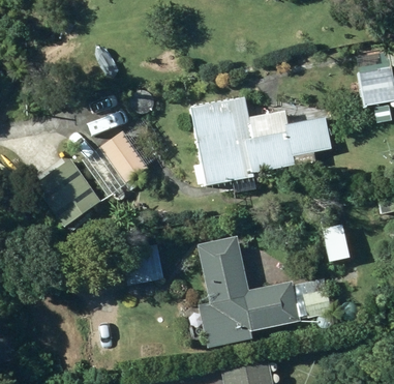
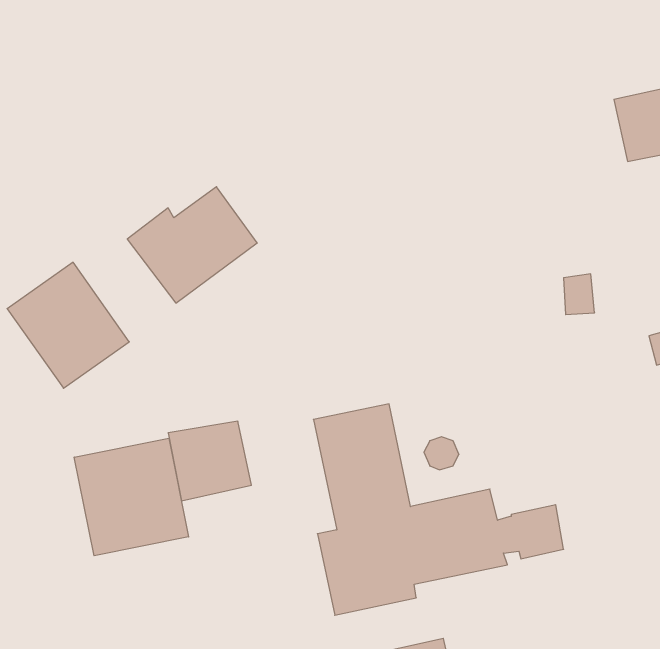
building: [188,97,331,193] -> none
building: none -> [74,438,189,556]

